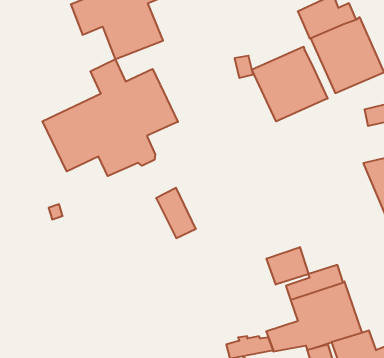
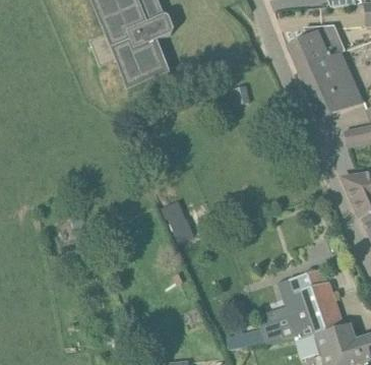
building: [252,47,328,121] -> none
building: [42,59,178,176] -> none
building: [267,247,308,285] -> none

